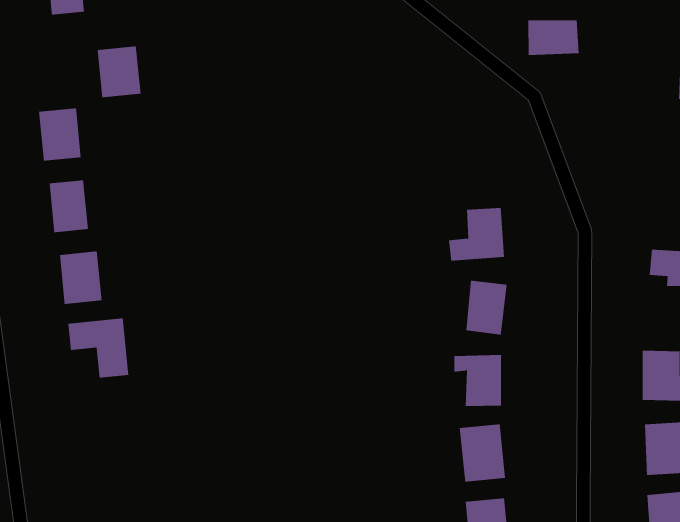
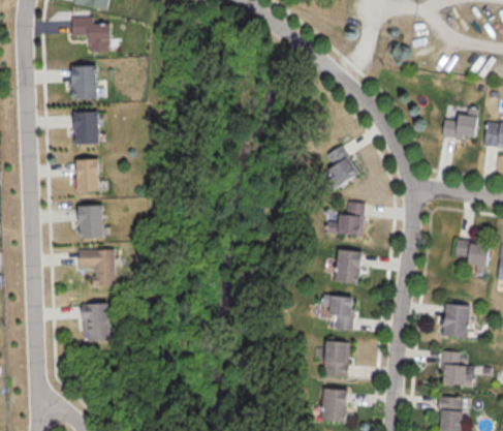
building: [528,20,579,56] -> [442,114,476,138]
building: [97,46,141,98] -> [70,66,96,97]
building: none -> [327,148,353,182]
building: none -> [83,305,108,341]

